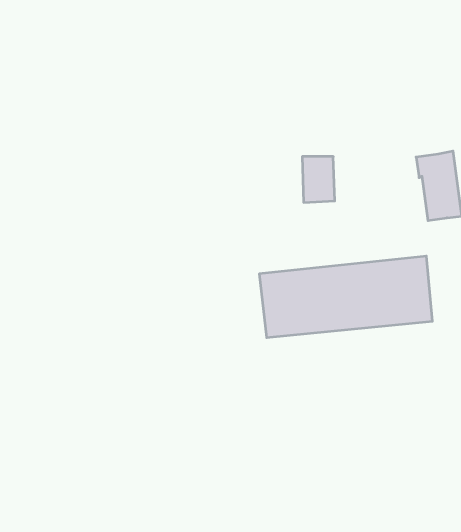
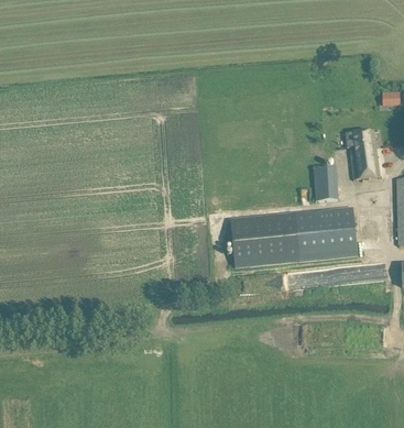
building: [302,157,335,202] -> [314,166,338,200]

